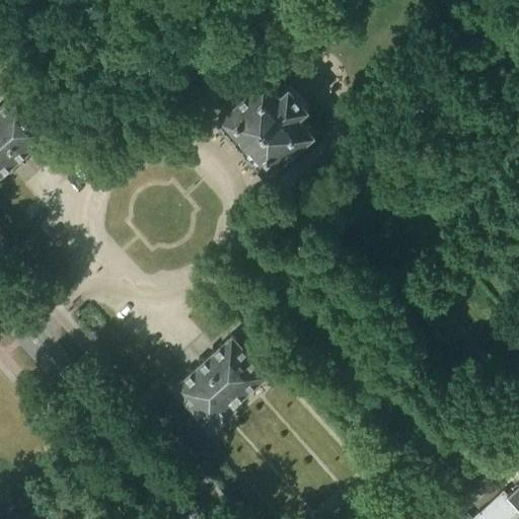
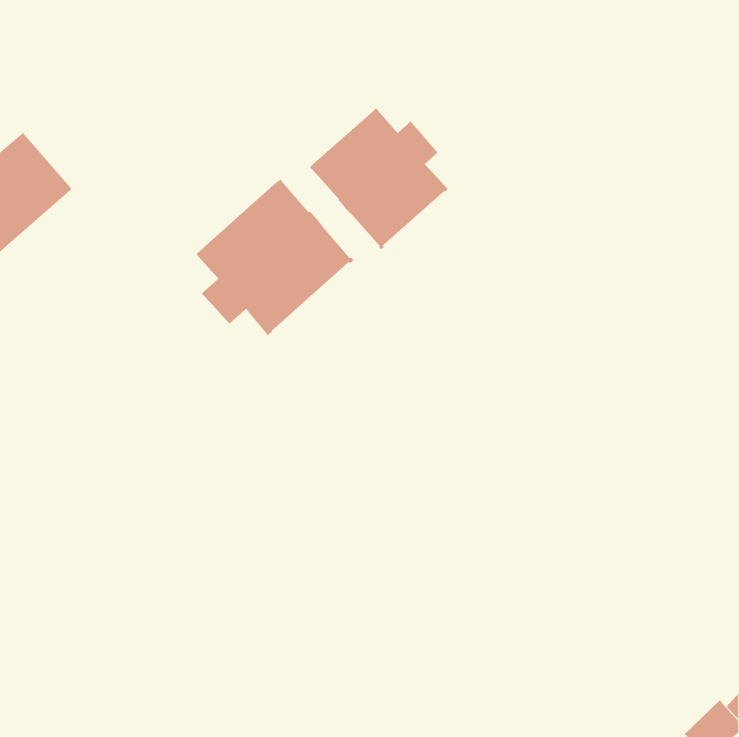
building: none -> [195,179,355,336]
building: [172,341,266,432] -> none

